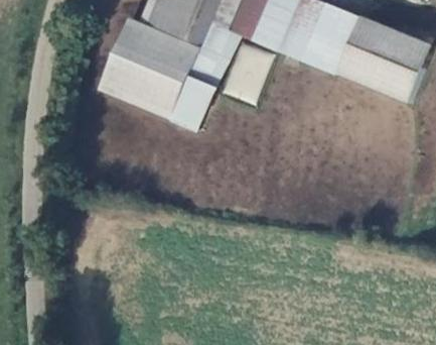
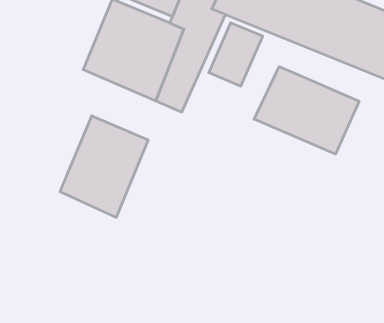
building: none -> [254,67,359,154]
building: none -> [60,116,148,217]

